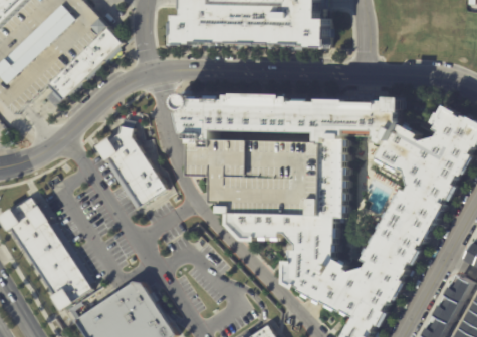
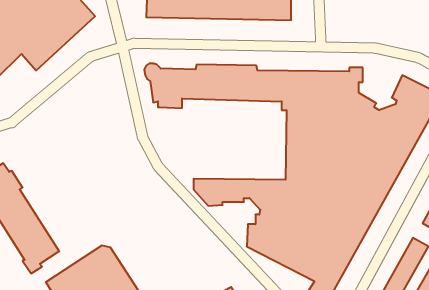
building: [93,124,164,207] -> none
building: [190,137,322,213] -> none

